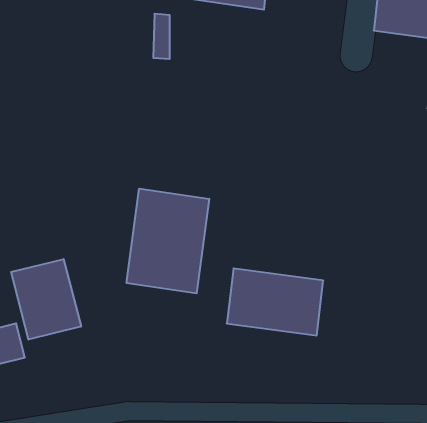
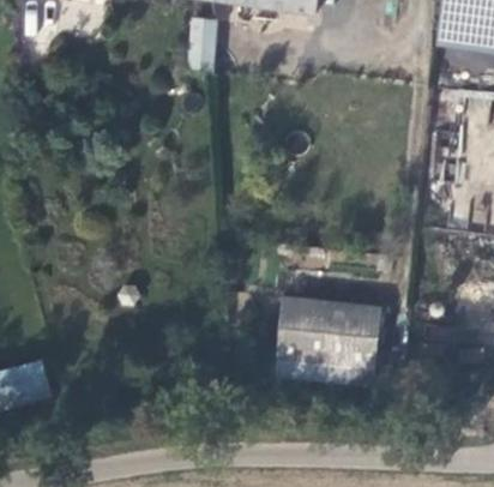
building: [127,189,209,293] -> none
building: [11,259,81,340] -> none

